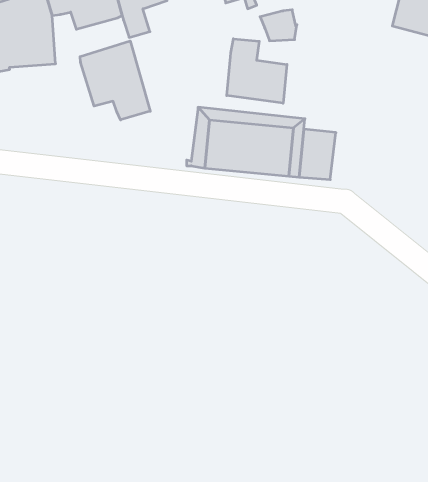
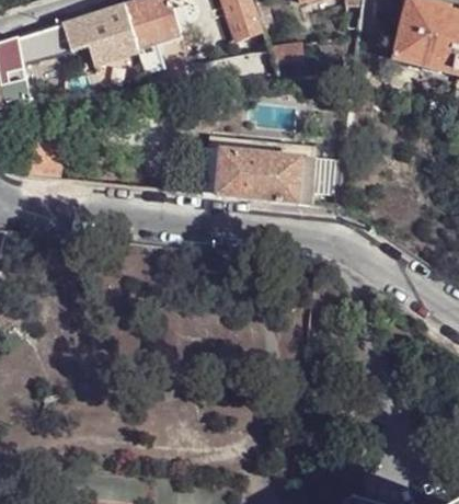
building: [227,39,287,103] -> none
building: [80,41,150,120] -> none

